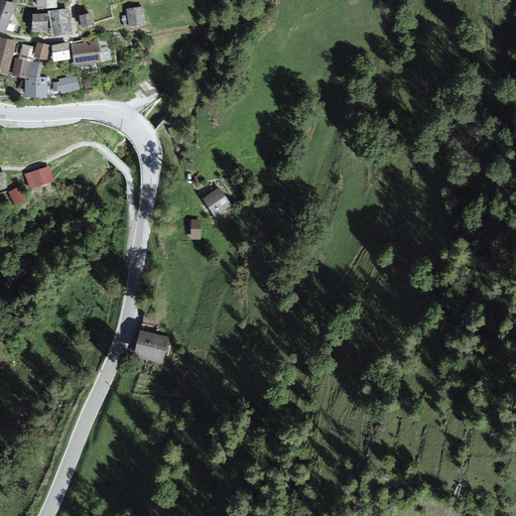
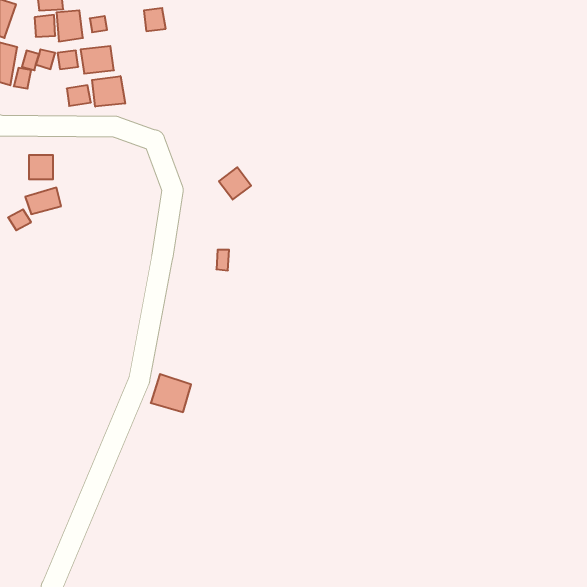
building: none -> [92,76,125,107]
building: [24,78,45,99] -> [29,155,53,179]
building: [202,185,230,214] -> [219,167,251,200]

